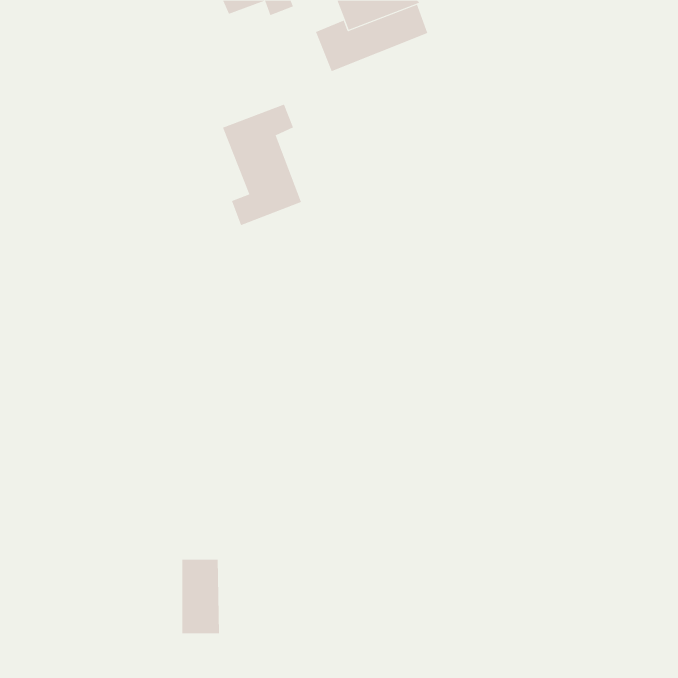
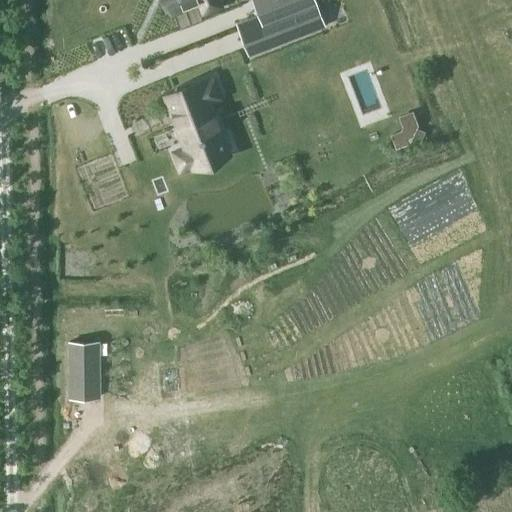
building: none -> [392,111,426,149]
building: [181,559,220,634] -> [70,342,99,398]

